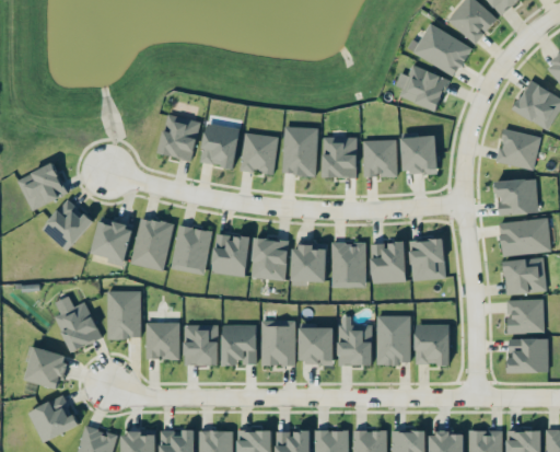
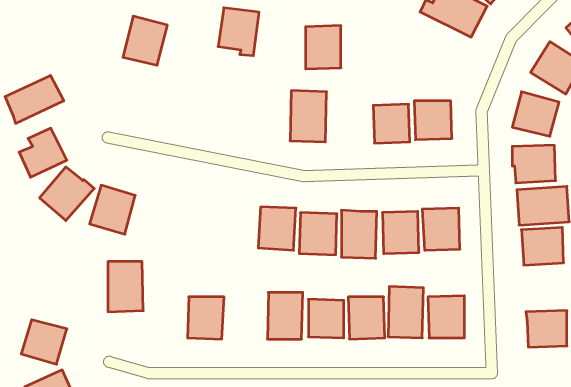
building: [396,66,448,111] -> none
building: none -> [5,75,64,123]
building: [158,114,200,161] -> [123,16,167,65]
building: [200,124,240,170] -> [218,8,259,56]
building: [241,132,278,174] -> none
building: [323,137,357,178] -> [306,26,341,69]
building: [130,218,173,270] -> none
building: [172,225,211,275] -> none
building: [211,233,250,277] -> none
building: [55,297,102,352] -> none
building: [506,300,544,334] -> none
building: [145,322,179,360] -> none
building: [222,324,257,366] -> none

